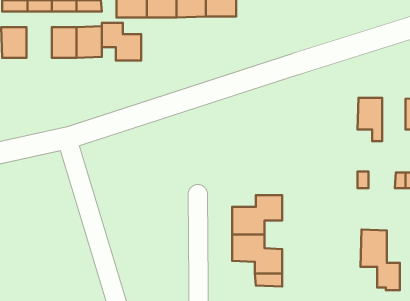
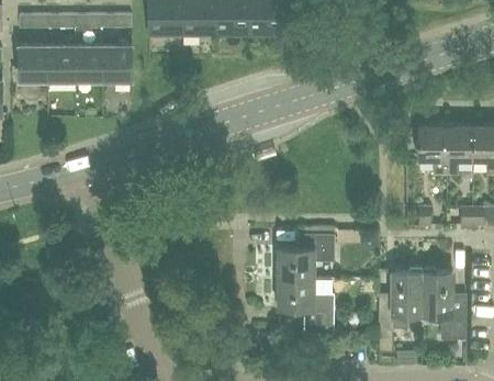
building: [102,23,141,60] -> none
building: none -> [47,46,76,80]
building: none -> [446,125,472,173]
building: none -> [378,272,423,330]

